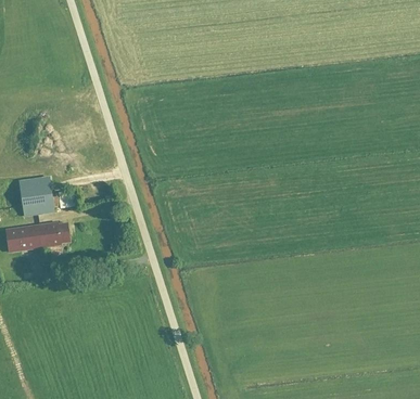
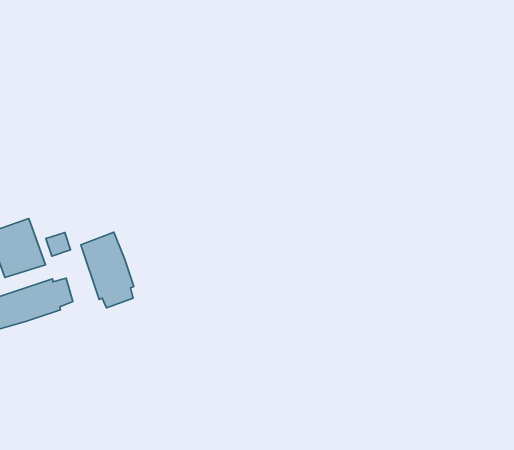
building: none -> [81,232,134,308]

